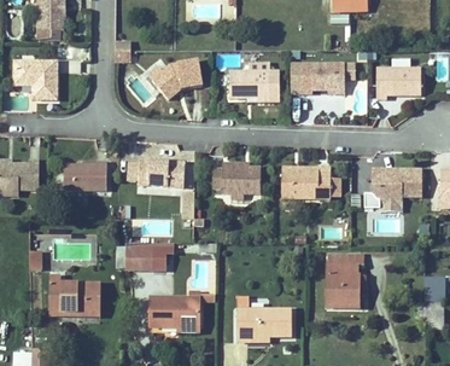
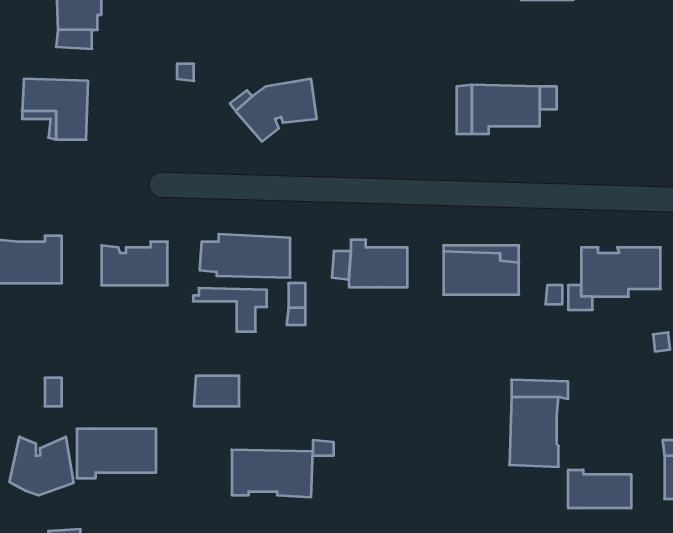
building: [230,64,270,103] -> none
building: [378,69,423,100] -> none
building: [125,242,173,269] -> [193,288,267,332]
building: none -> [10,437,73,495]
building: [235,309,292,341] -> none
building: none -> [568,470,631,508]

